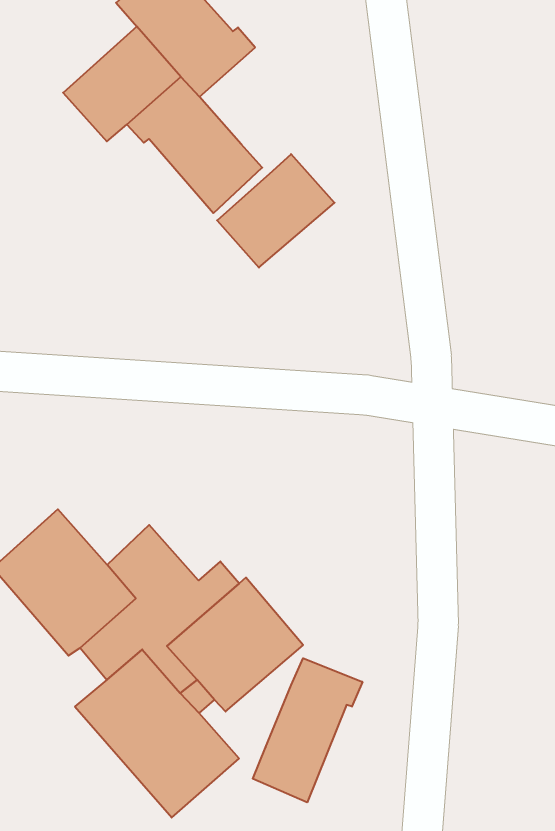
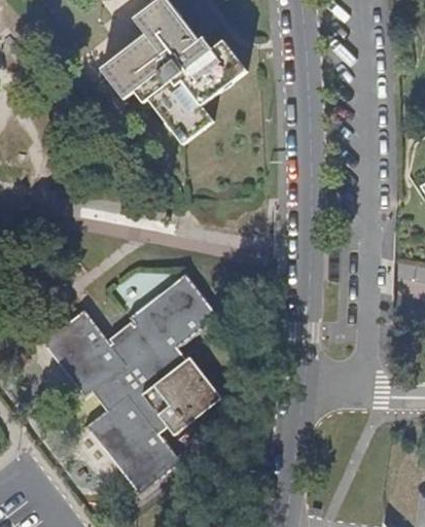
building: [217,154,335,268] -> [180,38,249,103]
building: none -> [131,273,216,355]
building: [253,658,362,802] -> none

